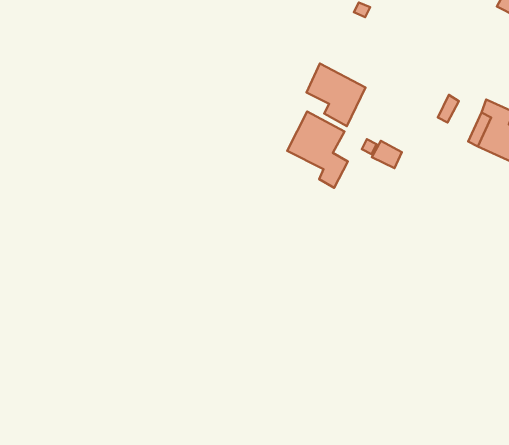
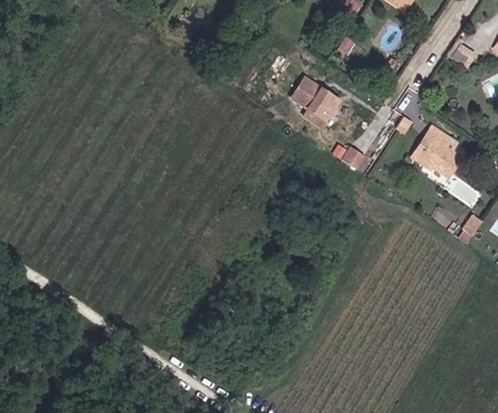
building: [287,112,348,188] -> none

